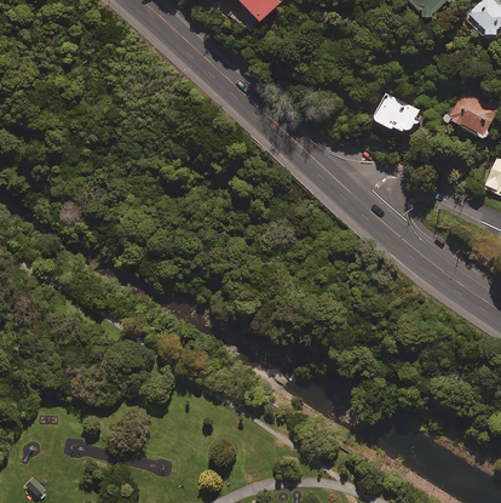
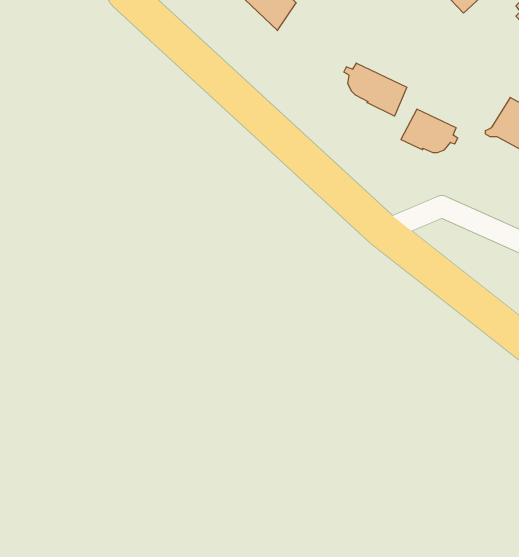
building: none -> [344,63,407,116]

